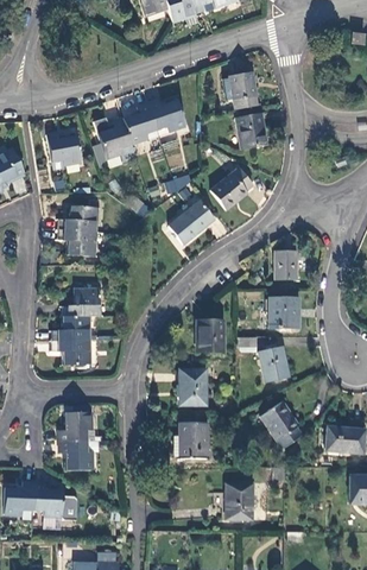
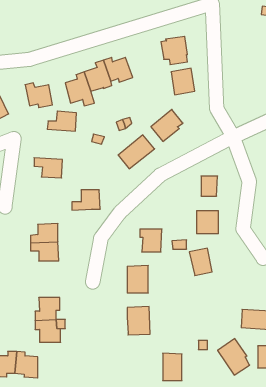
building: [57,205,95,232] -> [47,111,76,131]
building: [62,290,99,316] -> [72,190,100,210]
building: [260,401,302,449] -> [218,339,250,375]

